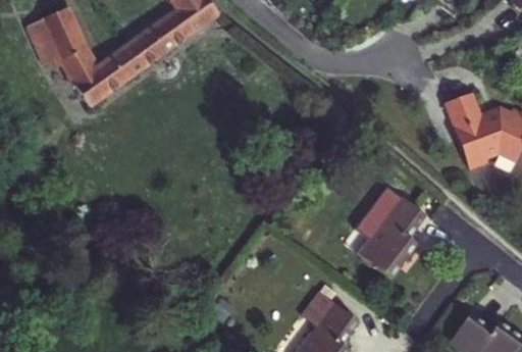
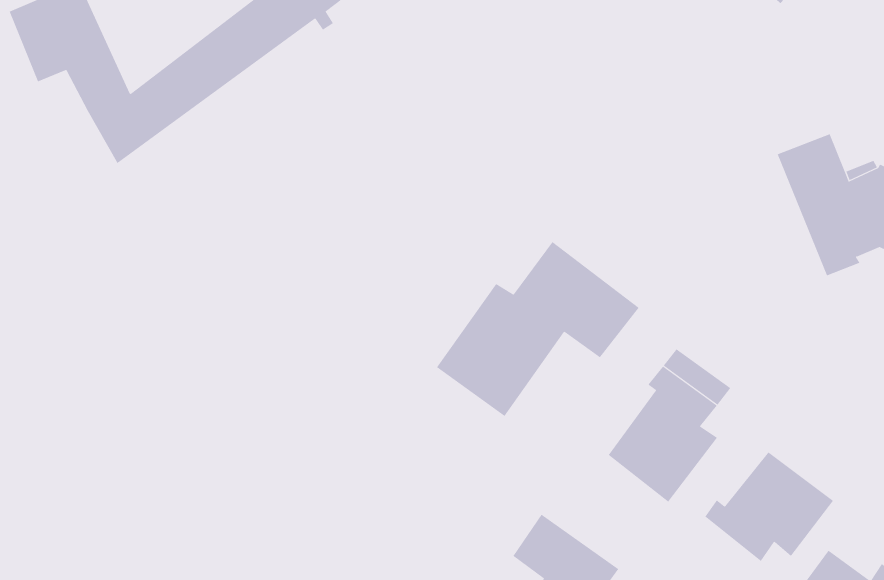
building: none -> [436,241,640,417]
building: none -> [705,451,834,562]

